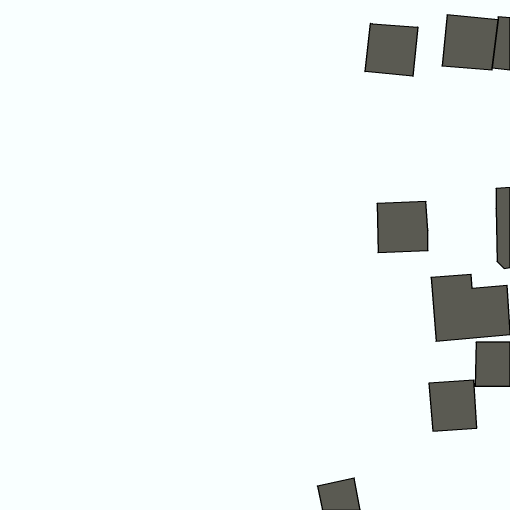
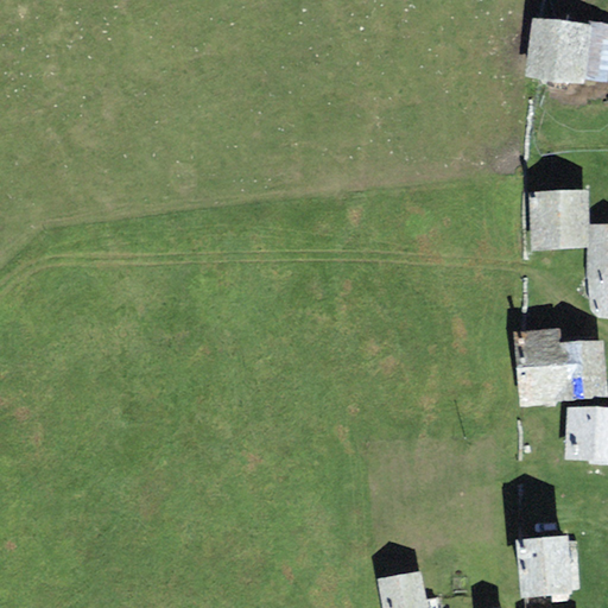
building: [365,23,418,76] -> none
building: [377,202,428,253] -> [530,190,590,251]
building: [429,380,477,431] -> [515,534,572,595]

